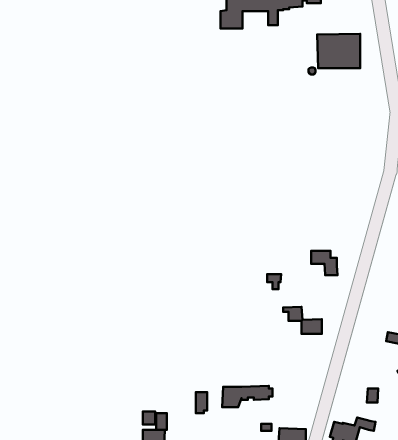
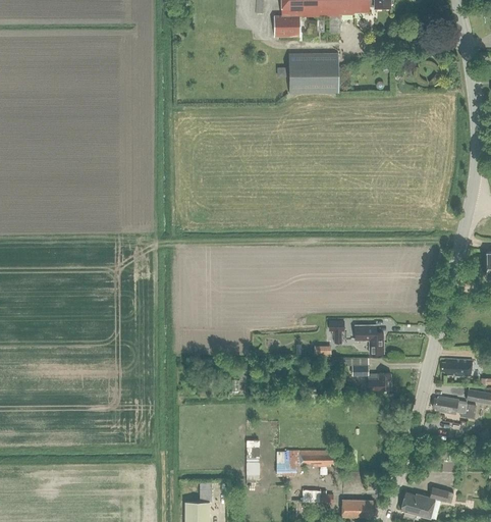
building: [317,34,360,68] -> [288,53,338,93]
building: [311,251,338,275] -> [353,325,384,354]
building: none -> [441,359,473,376]
building: none -> [432,396,467,414]

